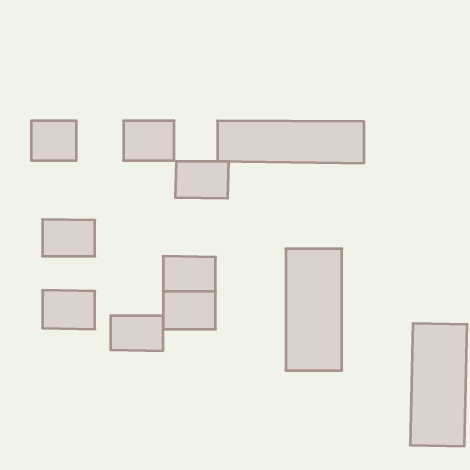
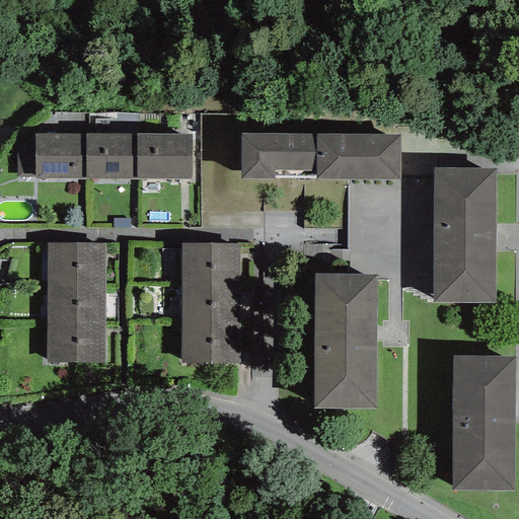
building: none -> [85,133,137,176]
building: none -> [433,167,497,301]
building: [175,161,229,198] -> [180,242,239,283]
building: [111,316,163,351] -> [48,282,105,320]

